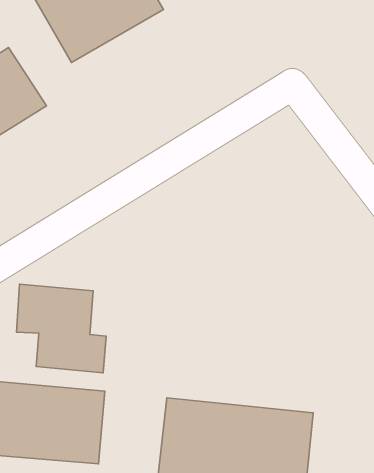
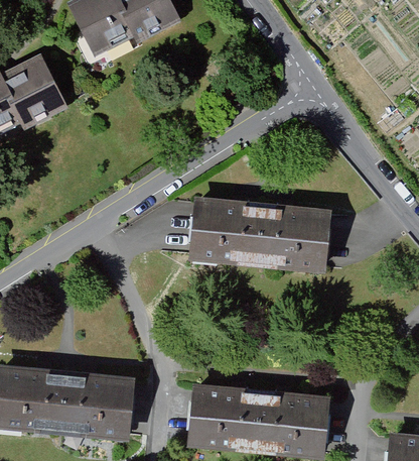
building: none -> [189,195,330,275]
building: [16,284,106,373] -> none

